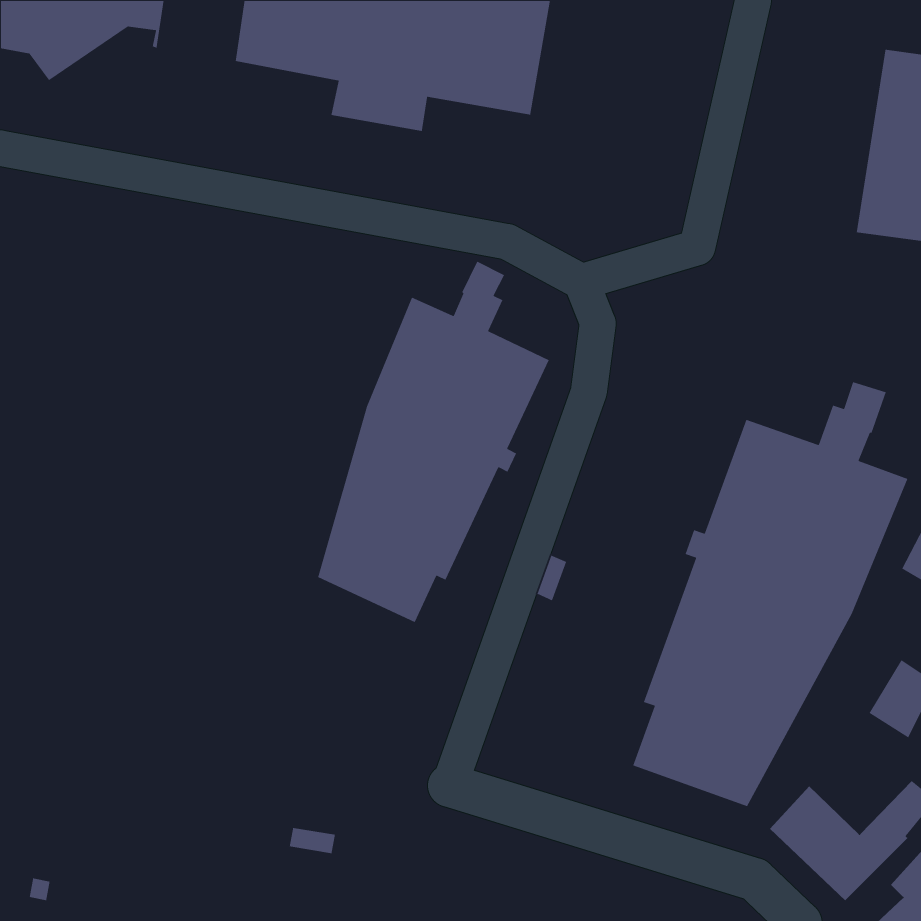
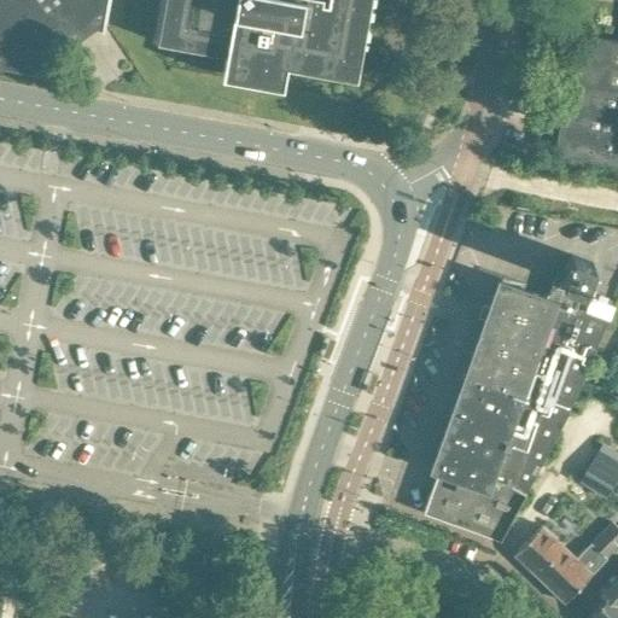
building: [317,260,550,623] -> none

